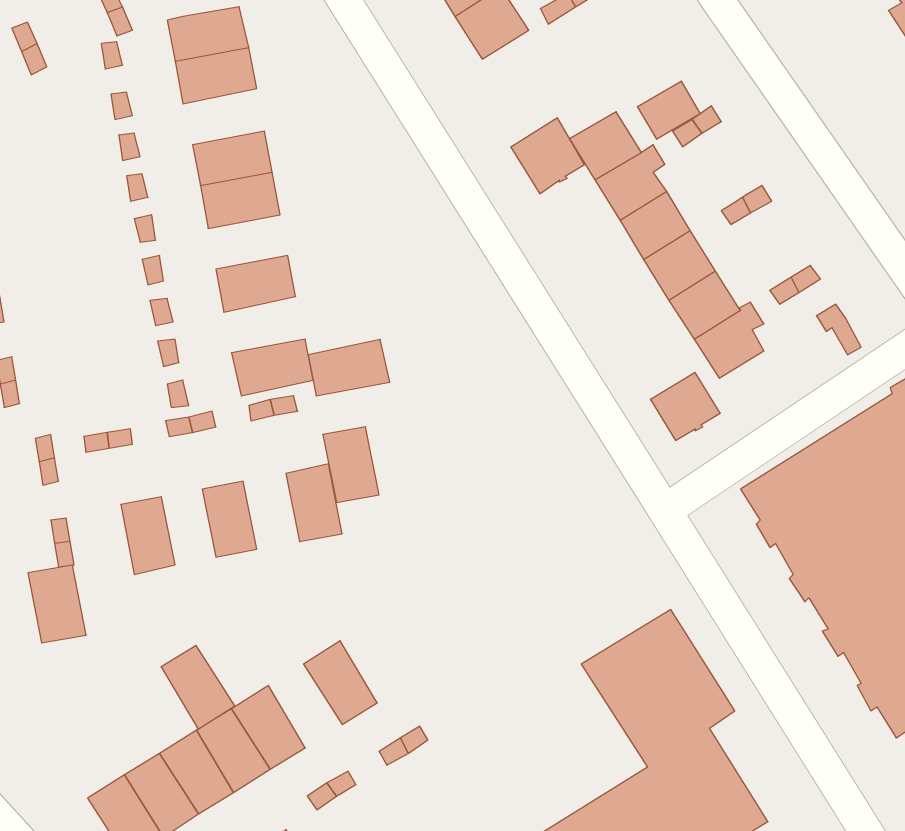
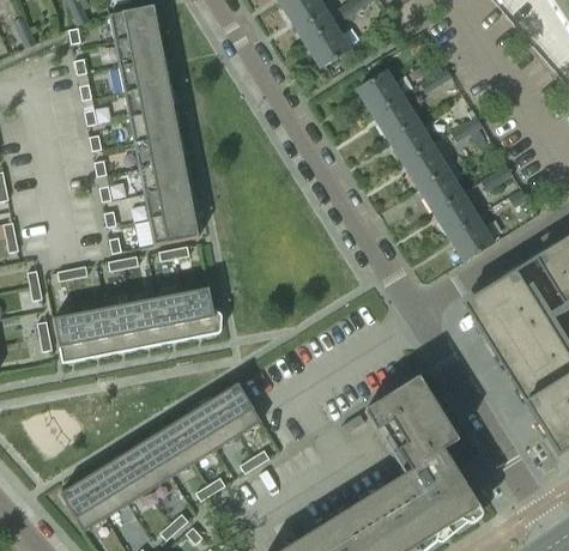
building: [637,81,700,139] -> none
building: none -> [119,56,169,91]
building: [511,118,585,194] -> [303,20,349,67]
building: none -> [134,134,183,168]
building: [308,339,390,396] -> [144,184,194,219]
building: [650,372,720,440] -> [449,218,492,260]
building: [323,427,379,503] -> [156,293,190,340]
building: none -> [105,303,139,350]
building: [28,565,86,643] -> [53,313,89,361]
building: none -> [216,383,261,435]
building: [161,646,235,729] -> [171,411,217,462]

